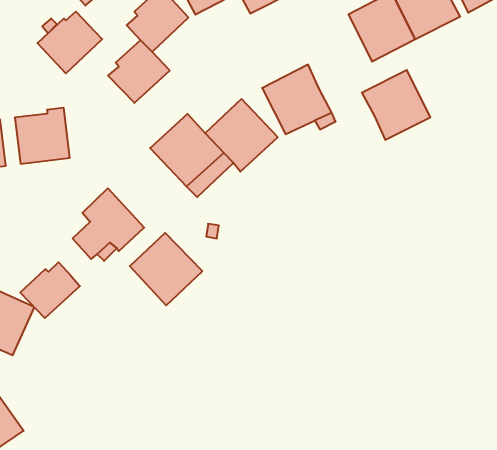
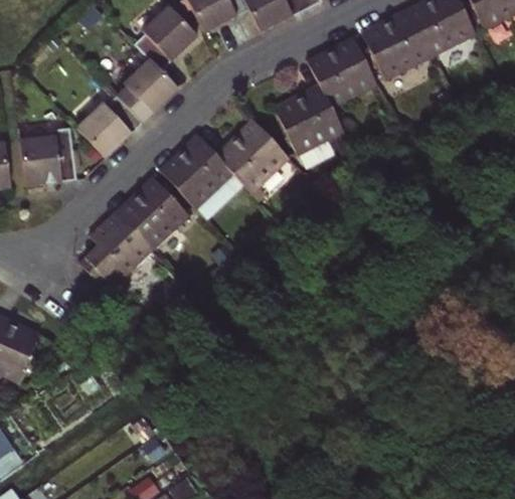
building: [37,12,102,73] -> [75,95,142,158]
building: [362,70,430,140] -> [307,36,377,108]
building: [130,233,202,305] -> [115,176,189,251]
building: [20,262,80,318] -> none

